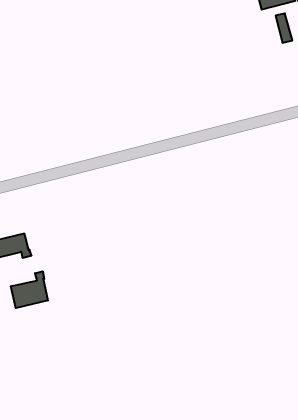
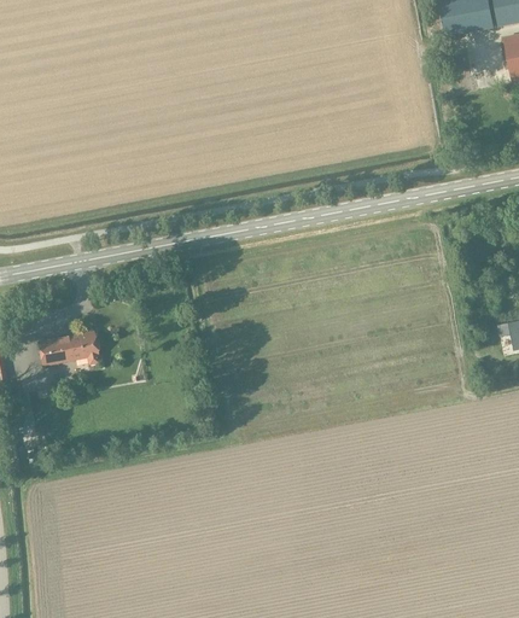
building: [11,271,48,308] -> none

